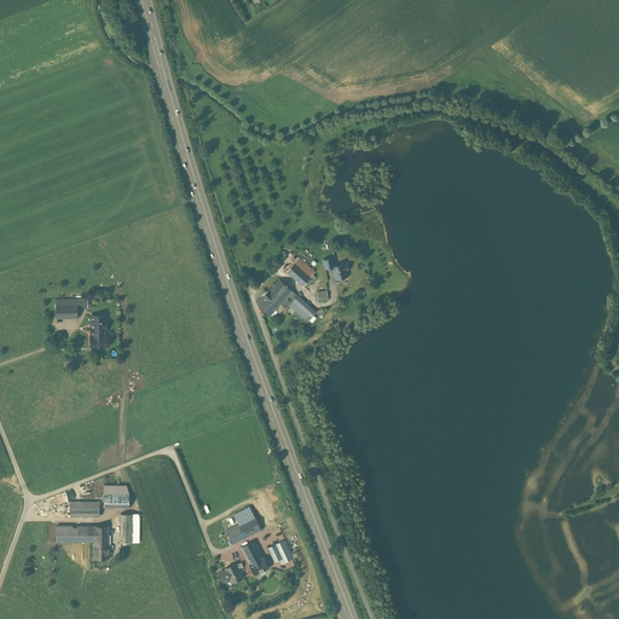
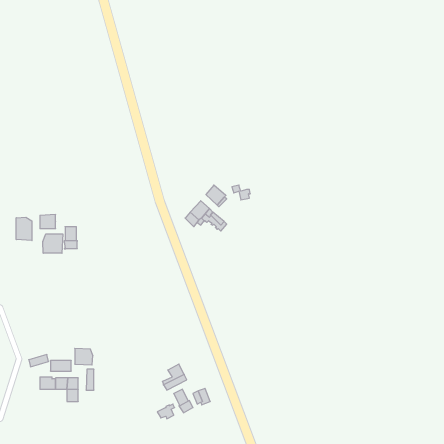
building: none -> [16,217,32,241]
building: none -> [43,234,63,253]

